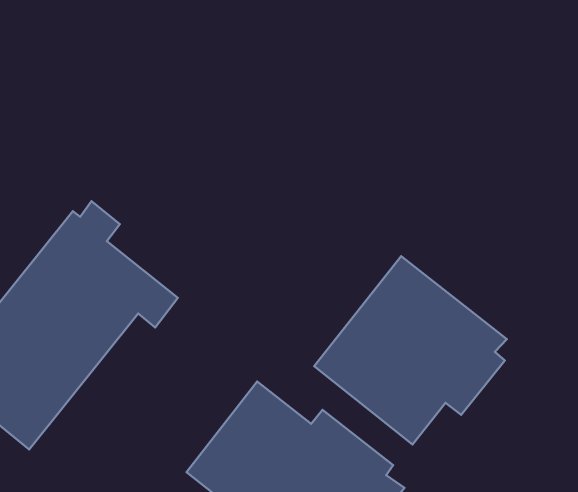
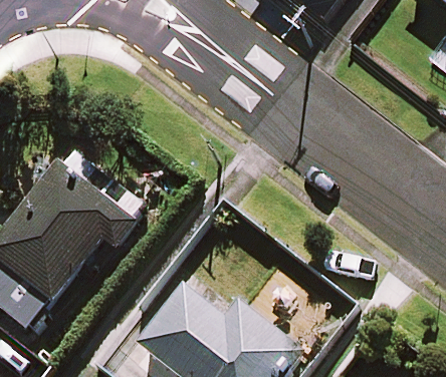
building: [314,256,507,445] -> none

